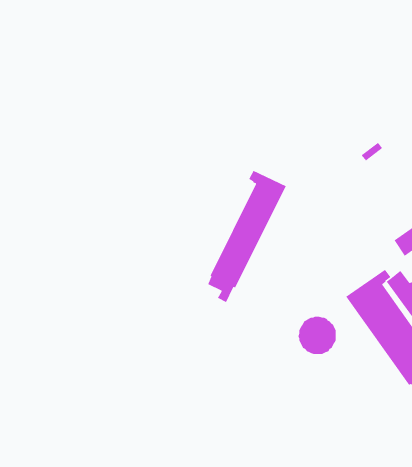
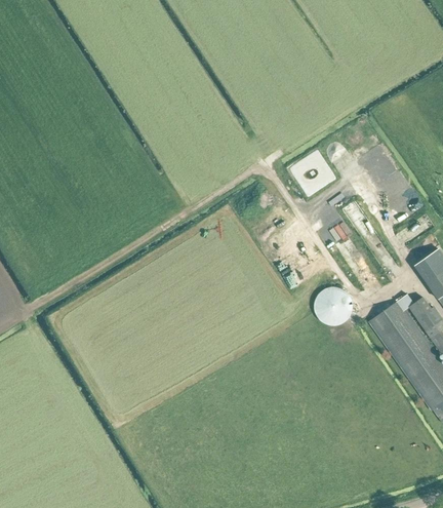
building: [207,170,287,303] -> none
building: [297,316,336,355] -> [312,285,351,324]

